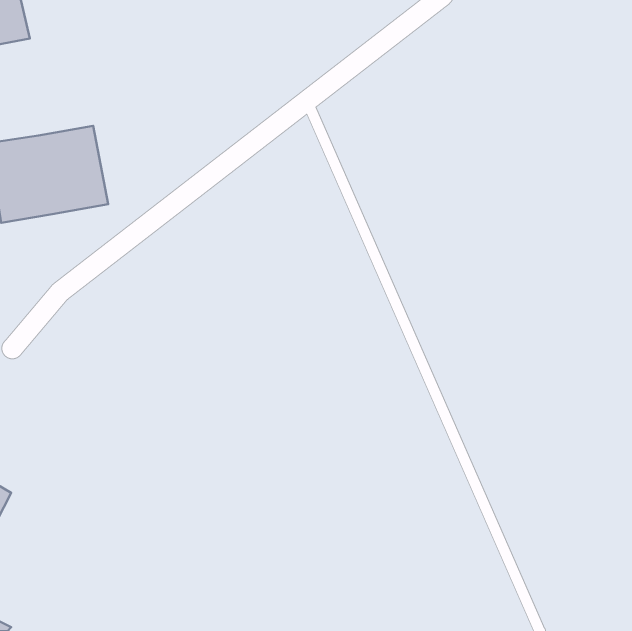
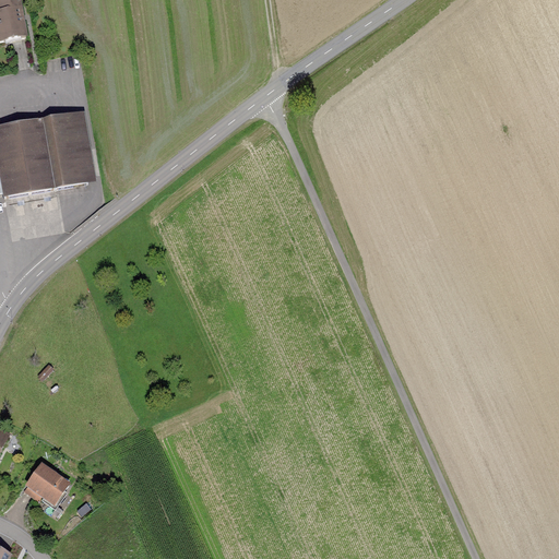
building: none -> [20,463,69,503]

